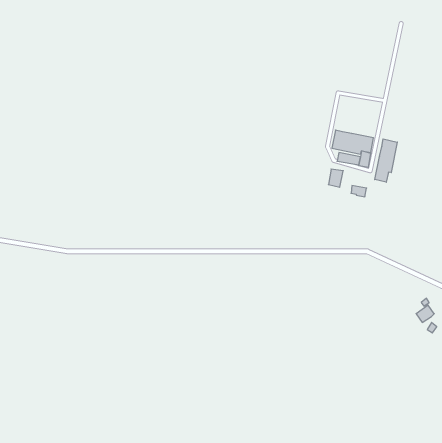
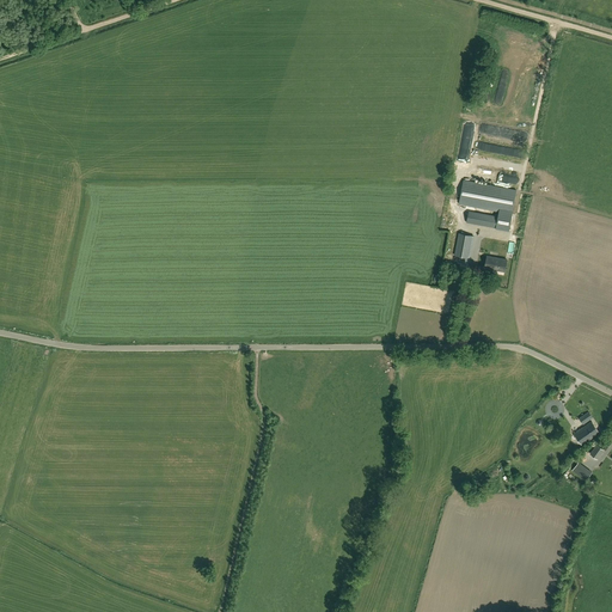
building: [375,139,397,182] -> none

